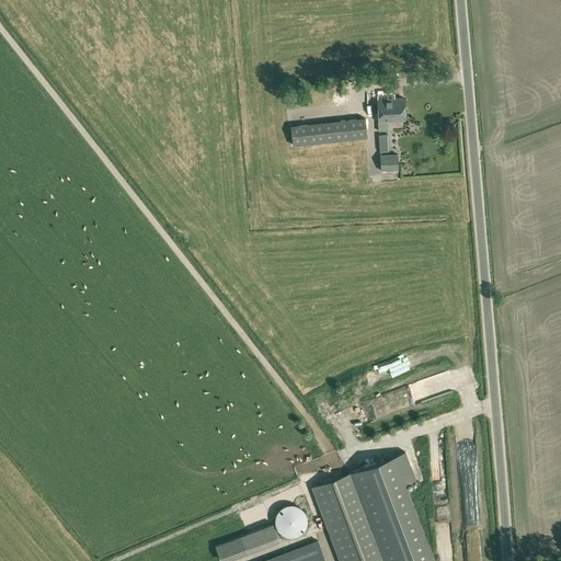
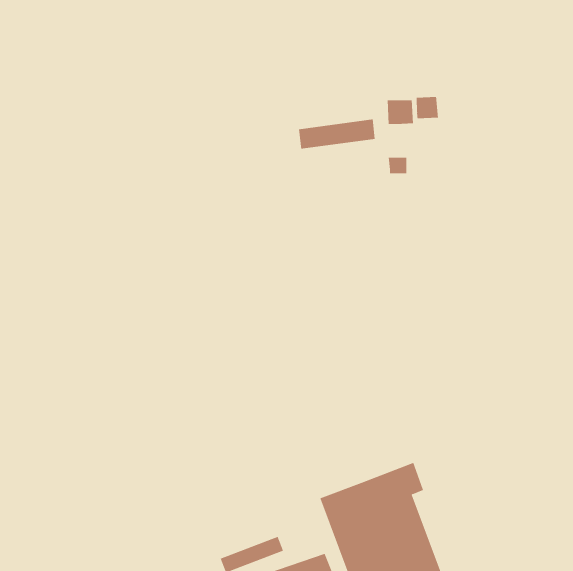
building: none -> [416,96,439,119]
building: [274,505,307,537] -> none

